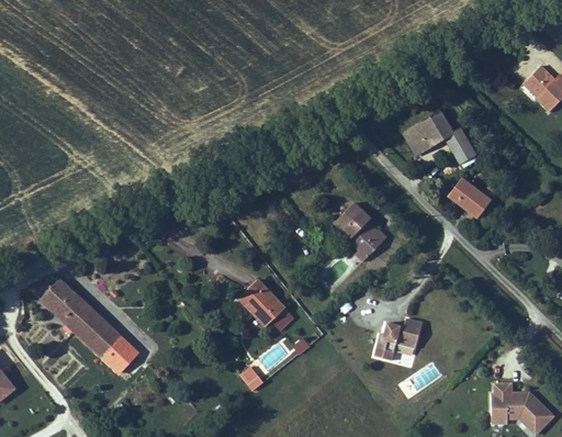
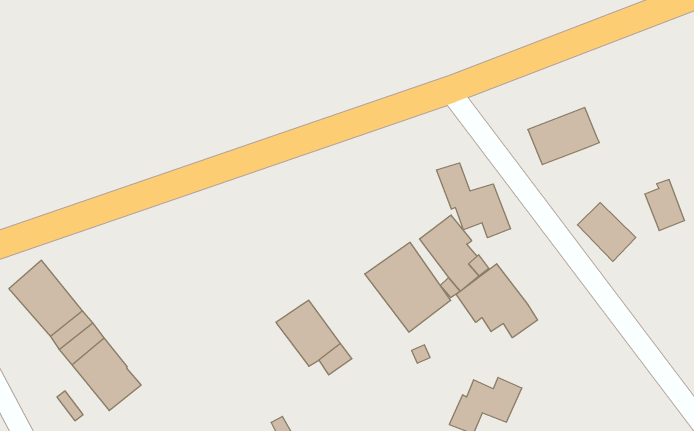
building: [445,126,476,165] -> [645,180,685,231]
building: none -> [436,163,511,238]
building: none -> [365,242,451,332]
building: none -> [456,264,538,338]

